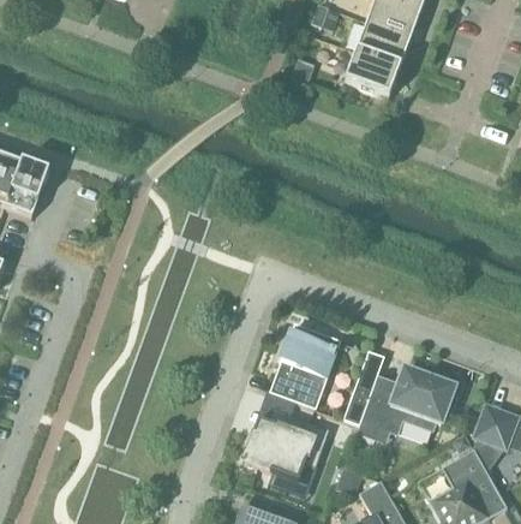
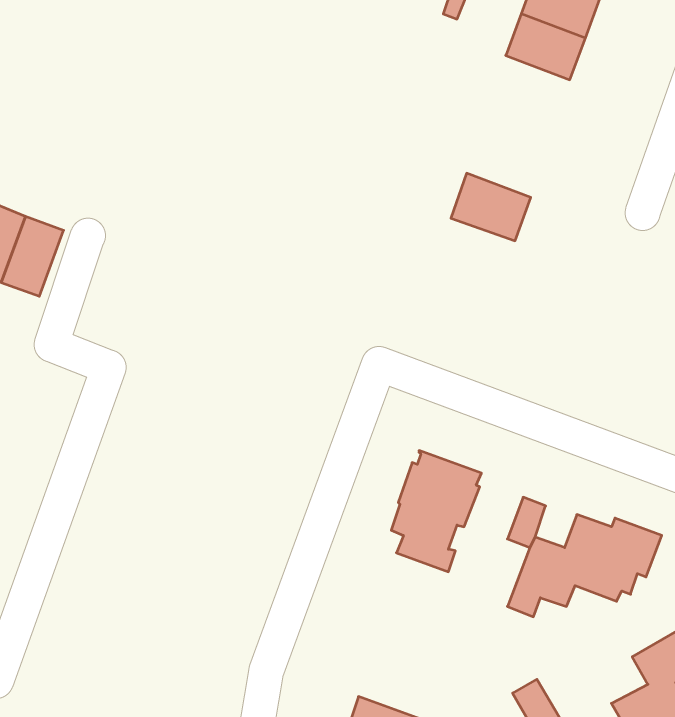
building: [343,50,399,97] -> [451,173,531,241]
building: [244,409,329,481] -> none

